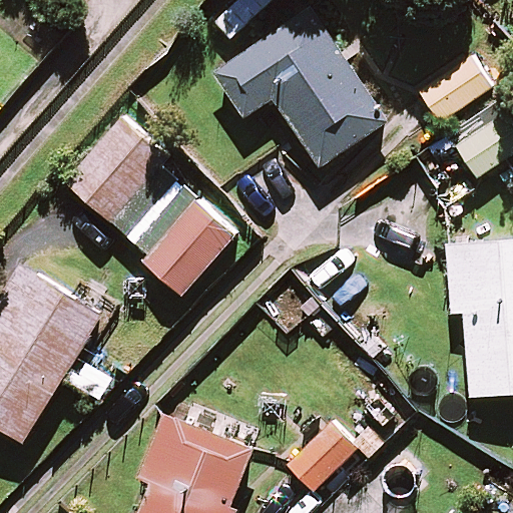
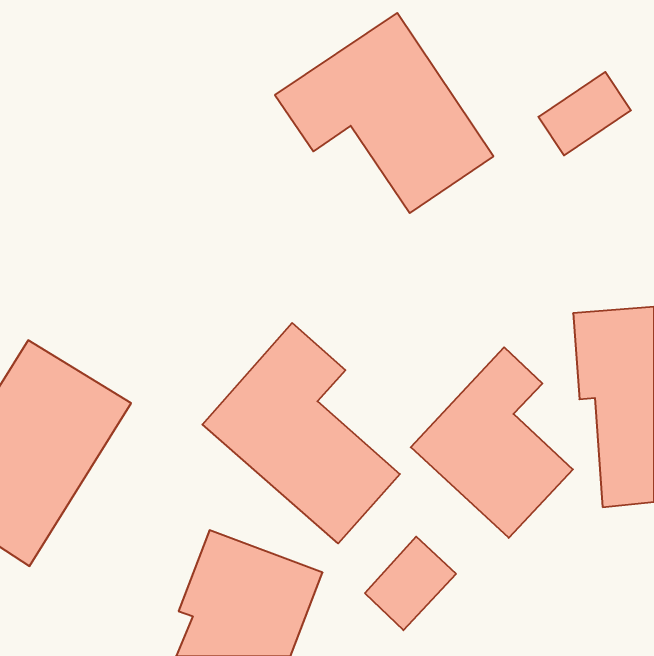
building: [91,146,234,297] -> none
building: none -> [202,323,400,543]
building: none -> [411,347,573,538]

